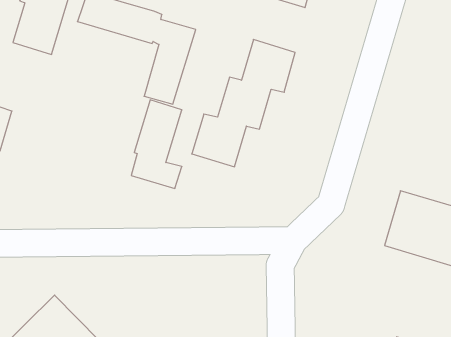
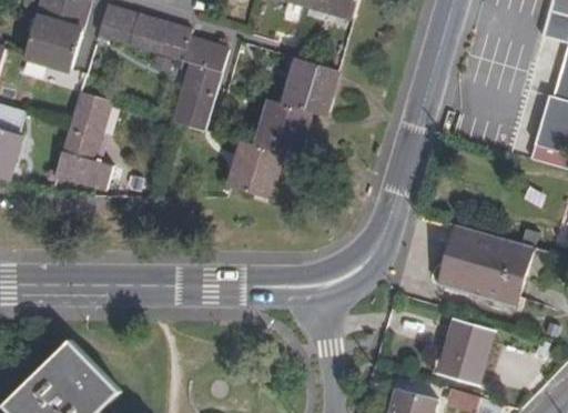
building: [131,100,182,188] -> [55,91,112,190]
building: none -> [439,319,494,383]

